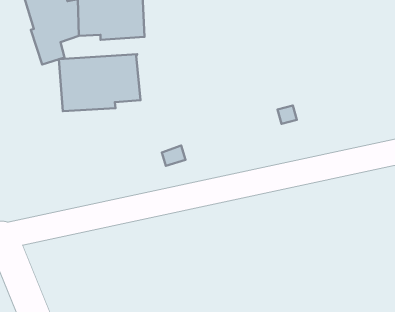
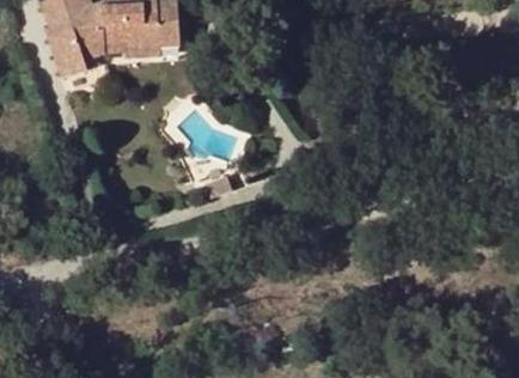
building: [59,54,141,111] -> none

